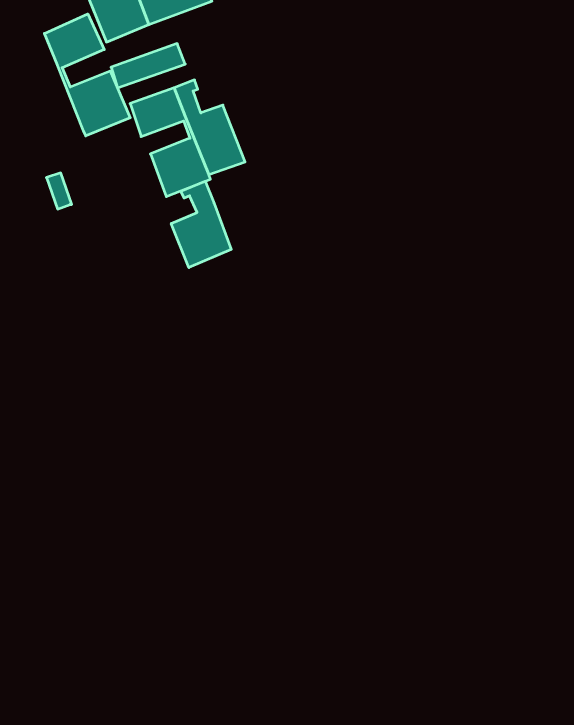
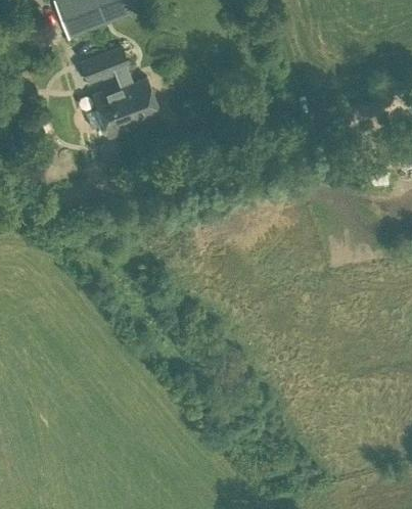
building: [44,14,130,136] -> none
building: [171,181,231,268] -> none

